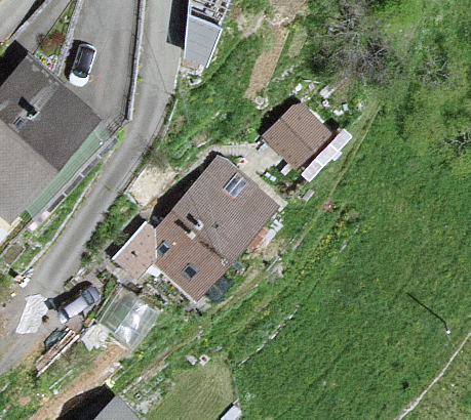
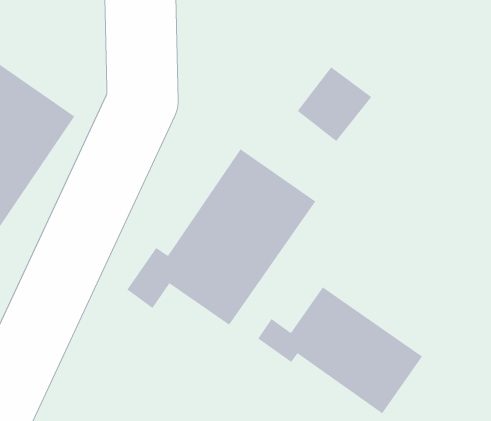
building: none -> [258,286,423,414]

